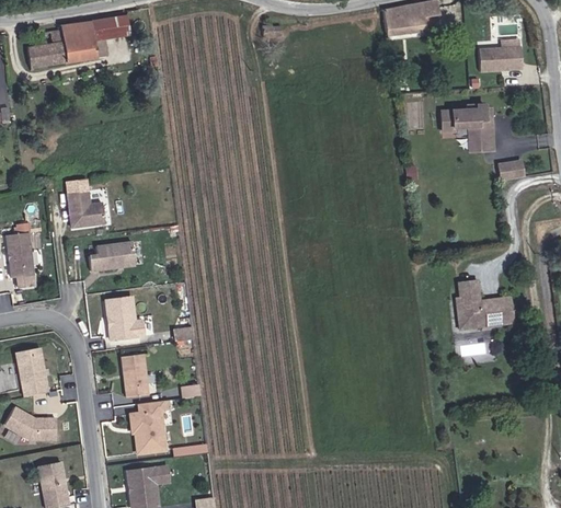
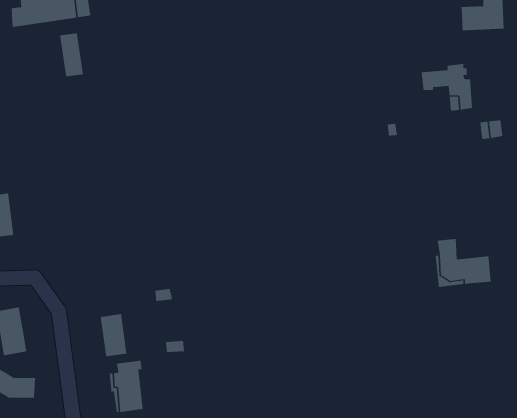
building: none -> [59,33,83,77]
building: [68,192,105,228] -> none
building: [89,243,136,272] -> none
building: [105,299,144,340] -> none

